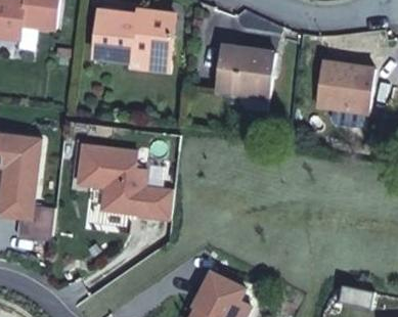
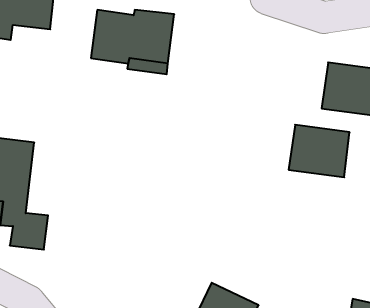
building: [214,46,272,96] -> [289,125,350,177]
building: [78,144,173,219] -> none

